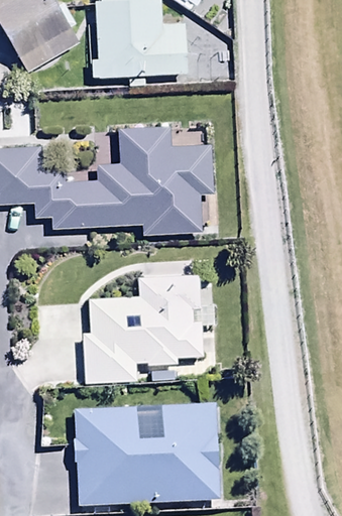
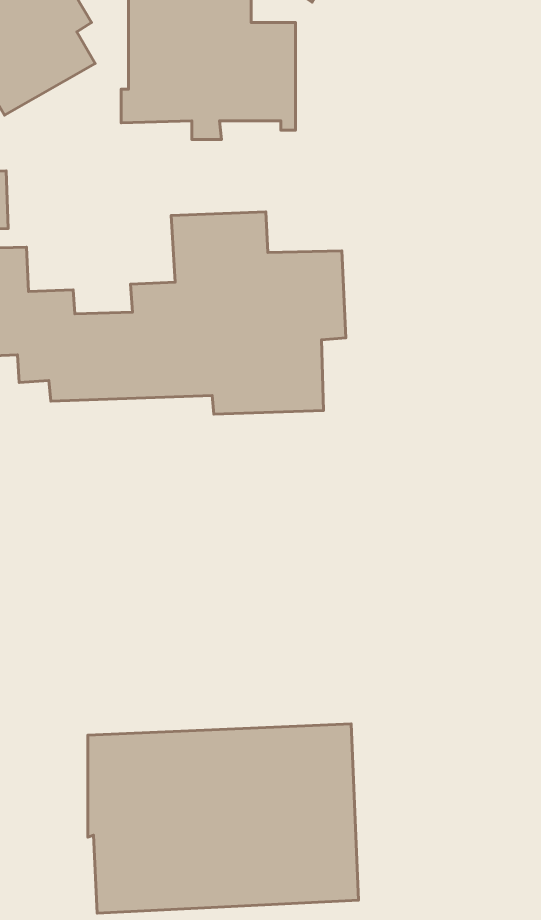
building: [82,274,215,385] -> none

